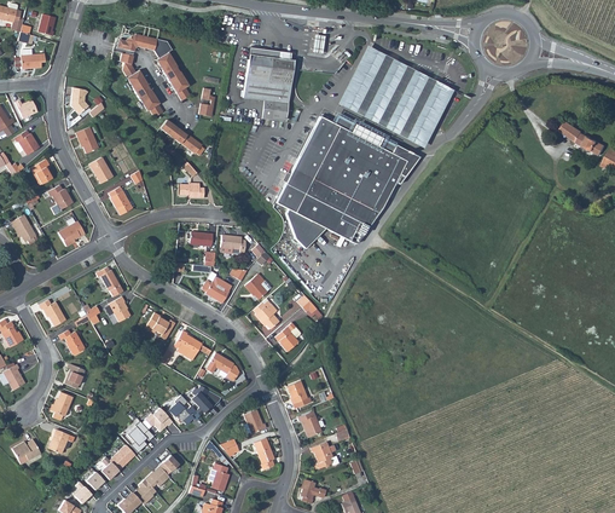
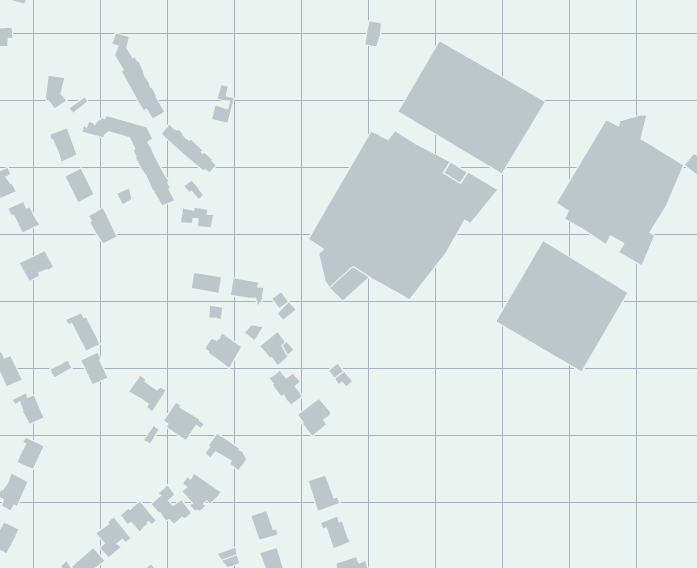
building: [117,34,191,100] -> [82,116,175,206]
building: [243,46,294,121] -> none
building: none -> [556,115,684,266]
building: none -> [496,240,628,372]

